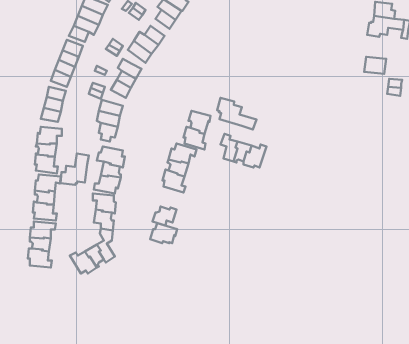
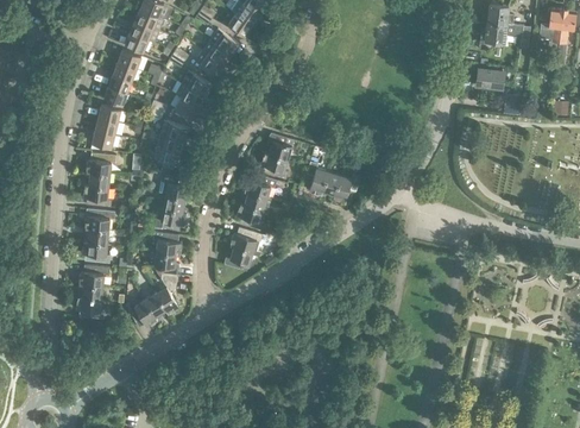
building: [217,98,256,130] -> none
building: [61,153,89,185] -> none
building: [150,223,177,243] -> [229,227,261,251]

